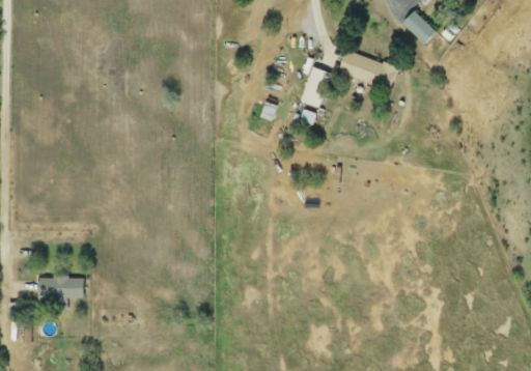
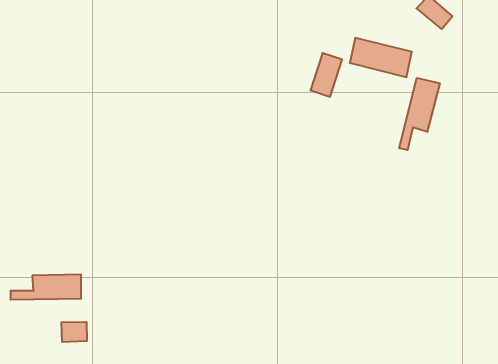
building: none -> [399,78,440,150]
building: none -> [61,322,87,342]

